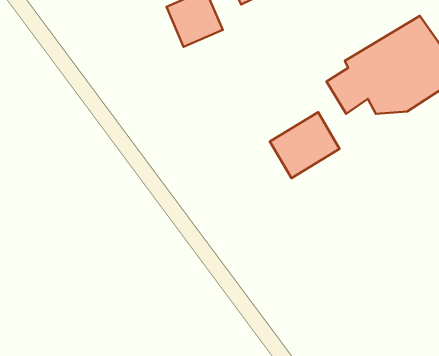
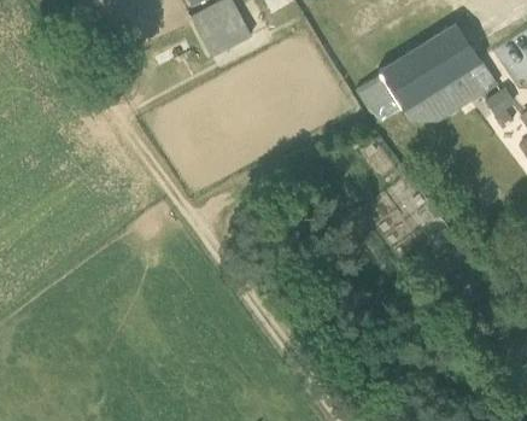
building: [270,112,340,178] -> none

